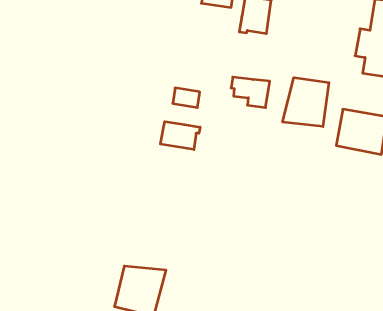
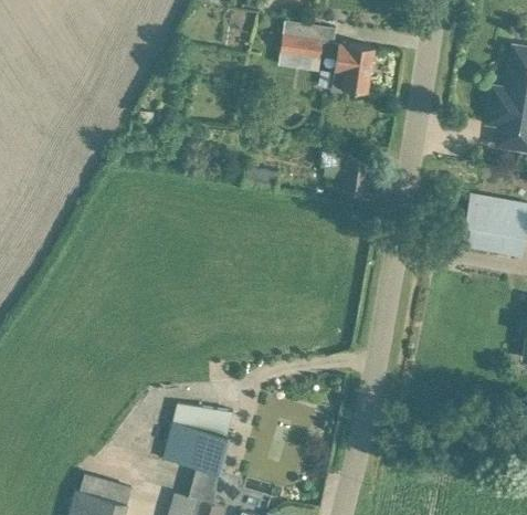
building: [283,78,329,127] -> none
building: [160,122,200,150] -> none

